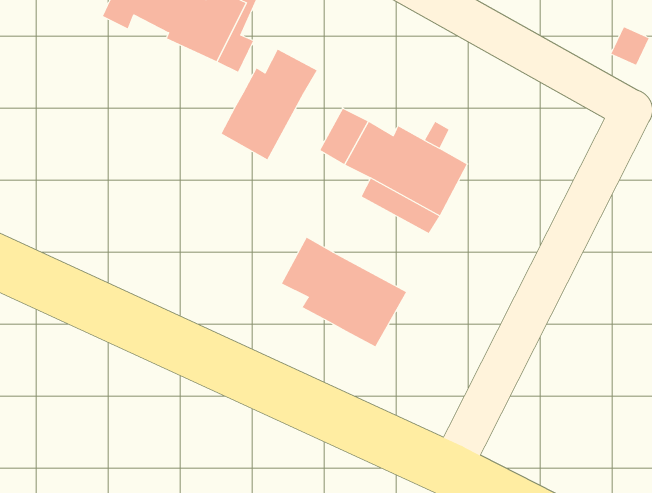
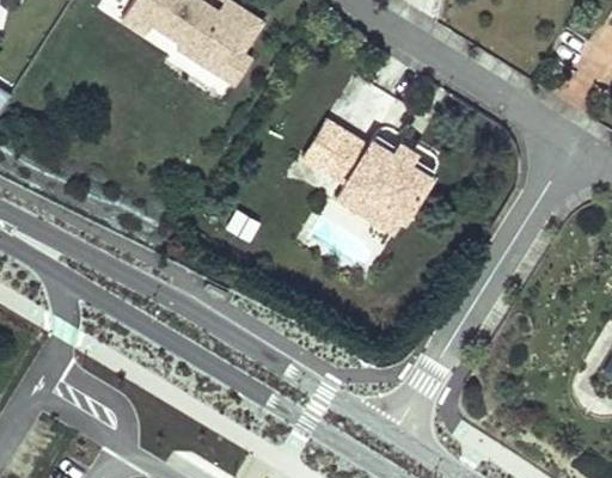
building: [221,49,317,160] -> none
building: [281,237,407,347] -> none

